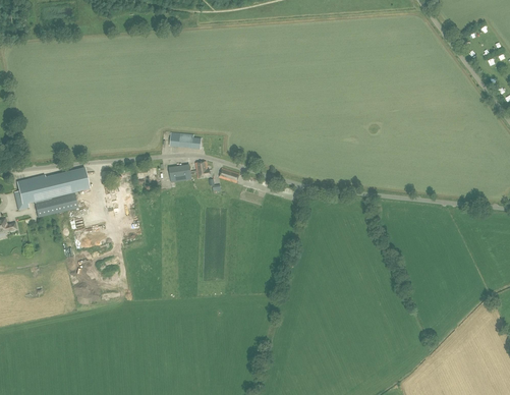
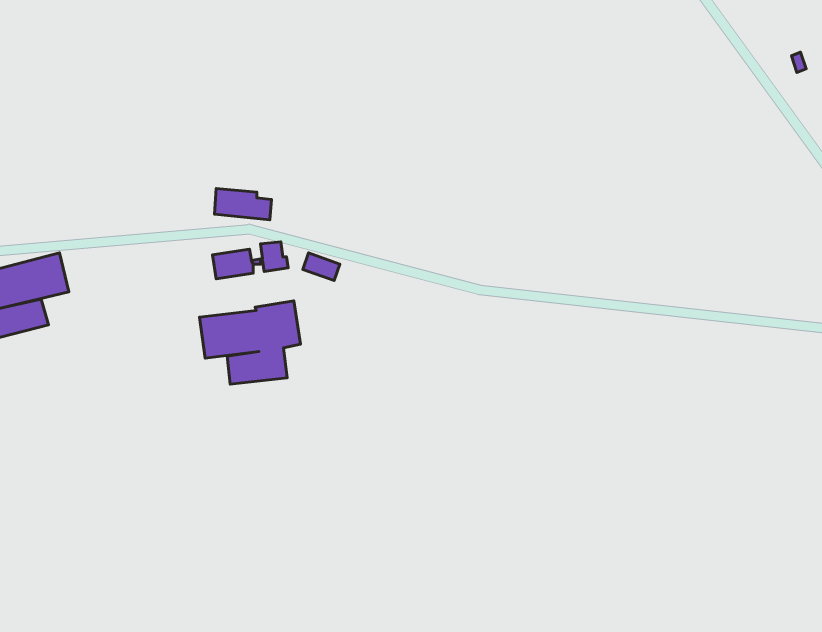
building: none -> [199,301,300,384]

